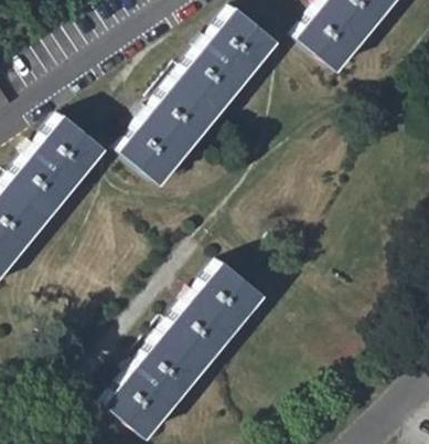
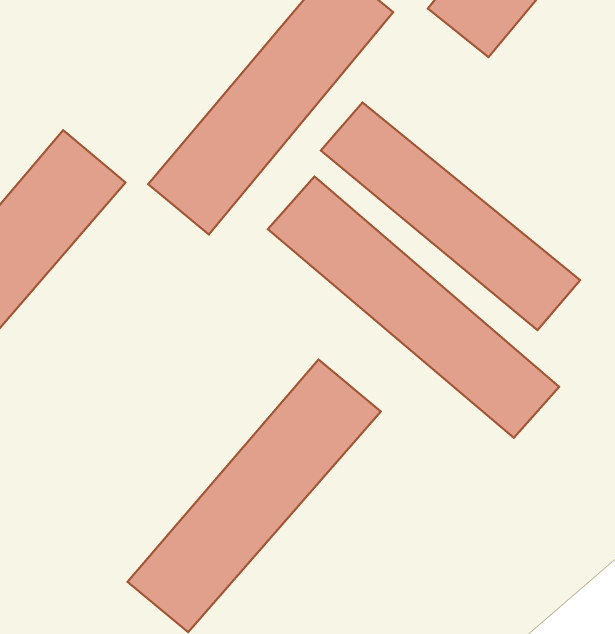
building: none -> [321,102,580,330]
building: none -> [268,176,559,438]

